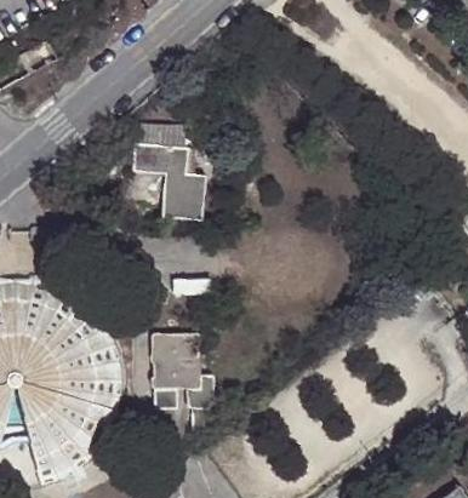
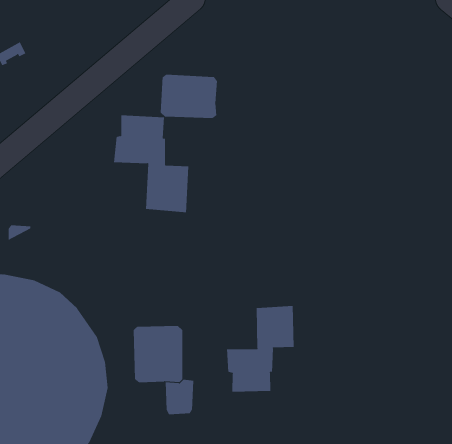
building: none -> [160,74,218,119]
building: none -> [226,305,294,392]

